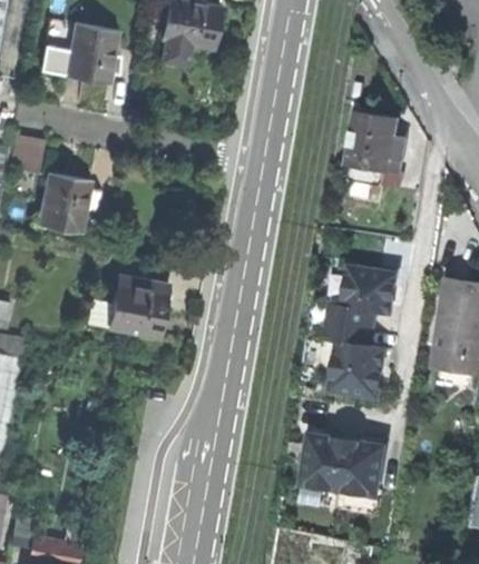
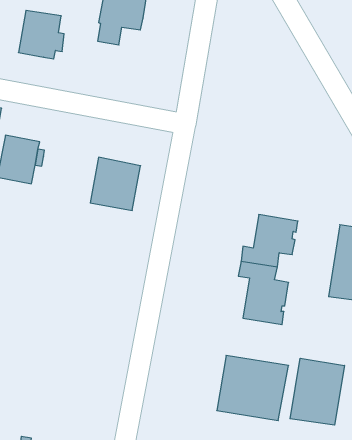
building: [349,109,408,185] -> none
building: [108,274,168,337] -> [90,157,141,210]
building: none -> [290,358,344,425]

